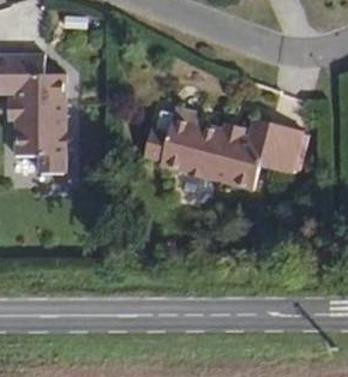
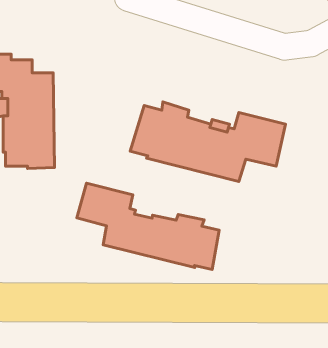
building: none -> [77,183,219,269]

